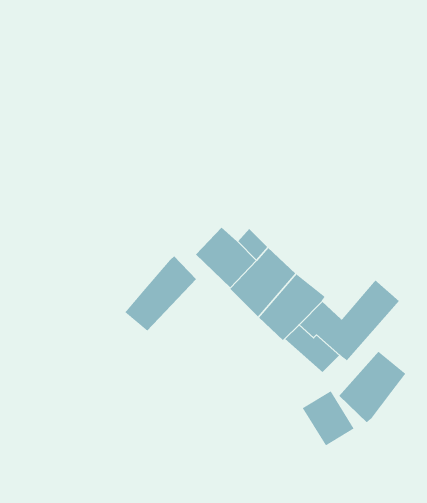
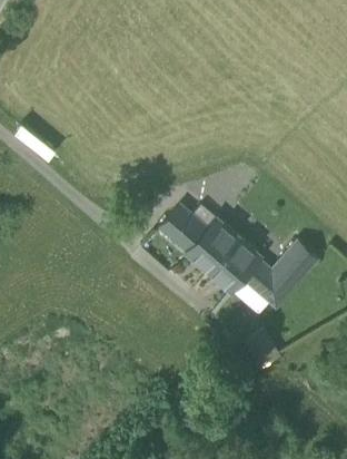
building: [124,256,197,332] -> none
building: [339,351,406,423] -> none

